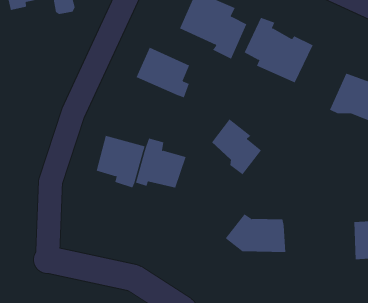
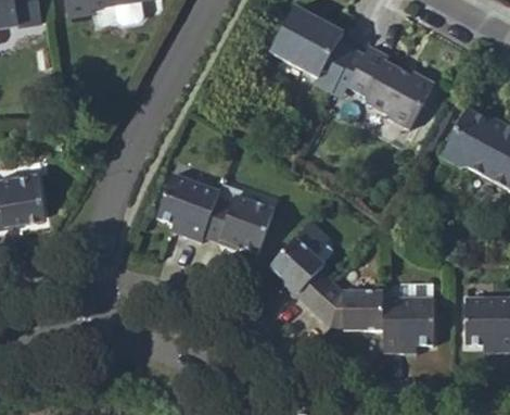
building: [136,47,190,98] -> none
building: [211,118,262,175] -> [275,240,335,310]
building: none -> [383,299,433,348]

